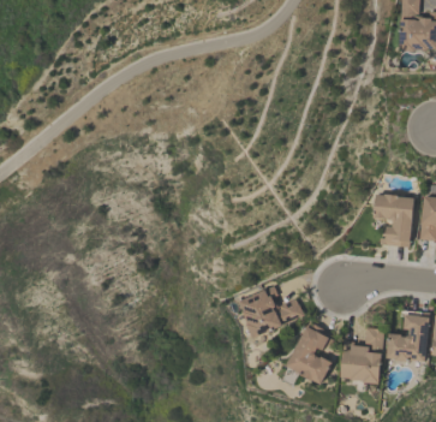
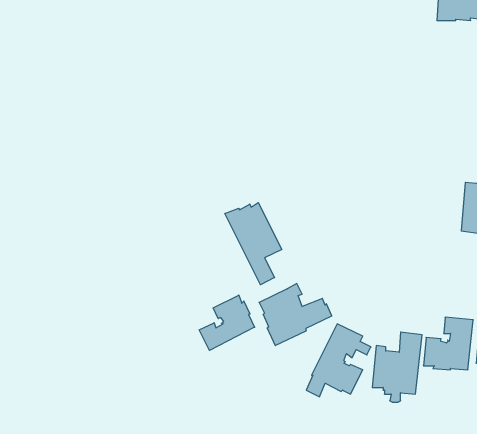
building: [372,194,414,246] -> none
building: none -> [225,203,282,285]
building: none -> [199,295,255,350]

